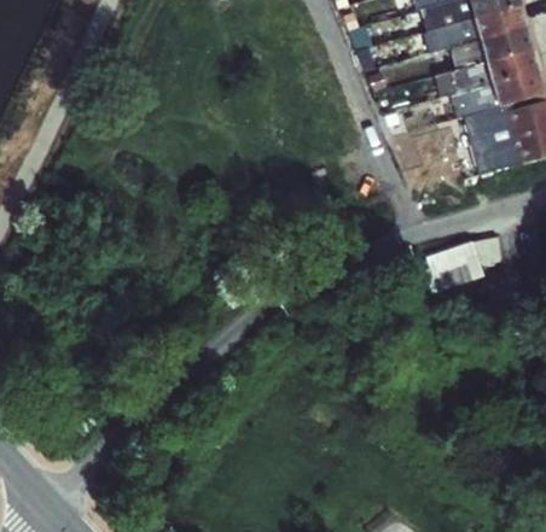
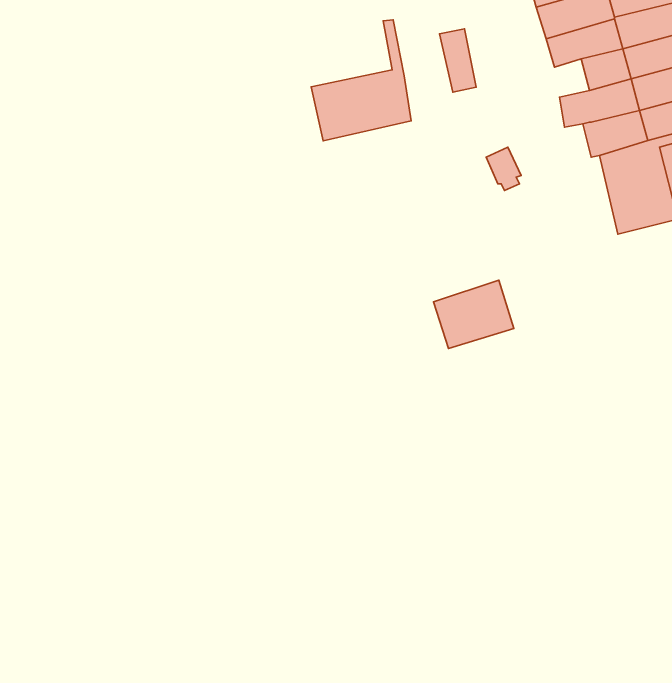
building: none -> [311,20,411,141]
building: [428,240,486,290] -> [434,280,514,348]

